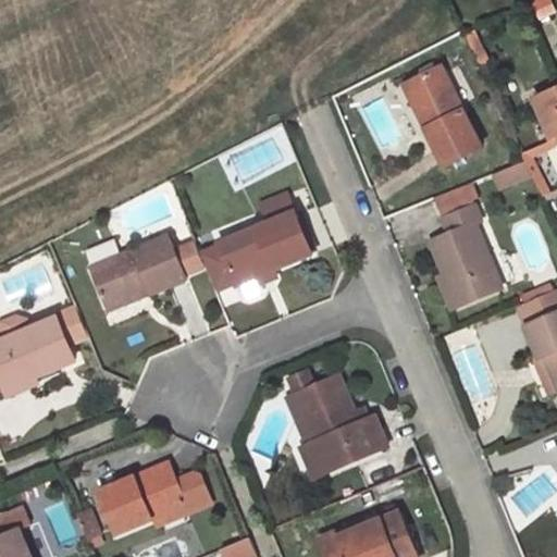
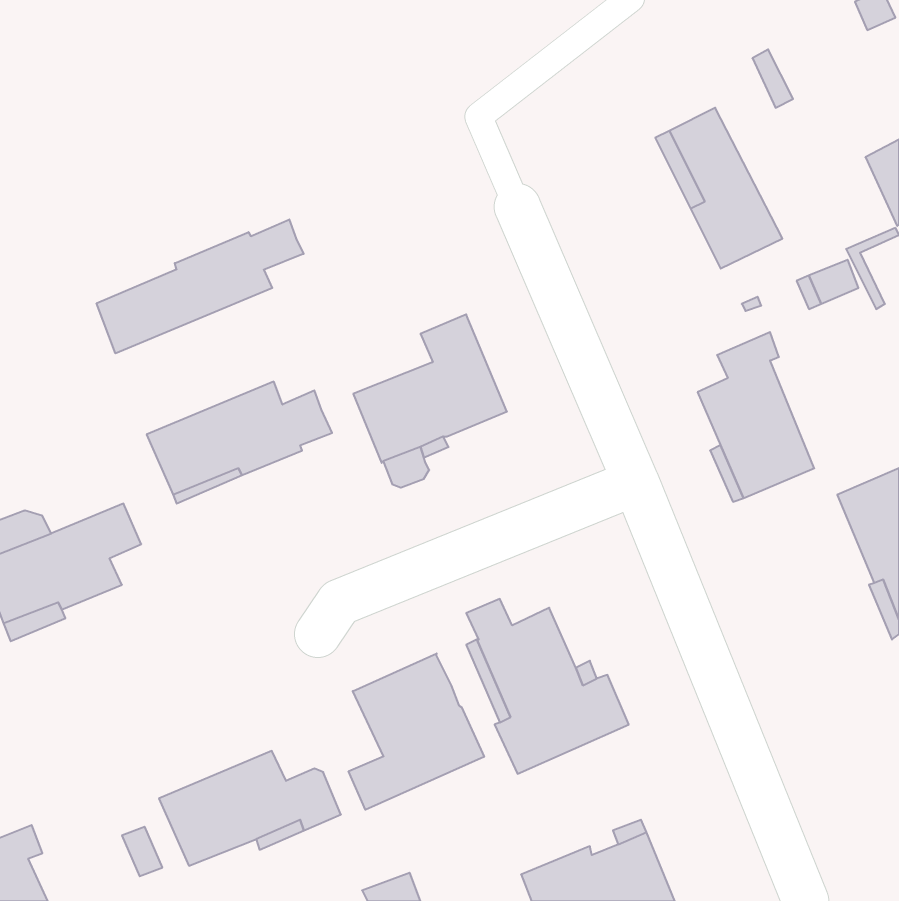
building: none -> [97,219,304,353]
building: none -> [349,653,484,810]

